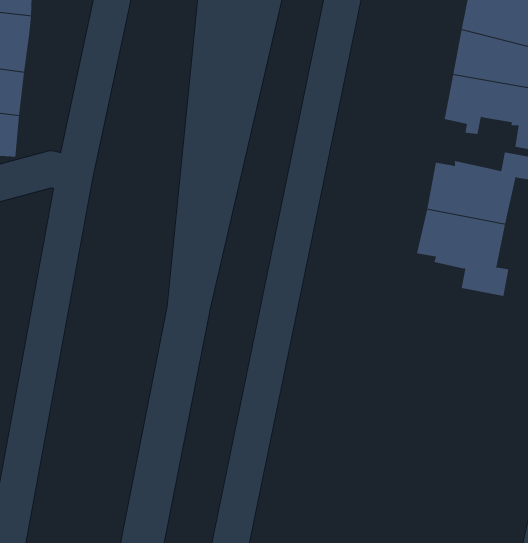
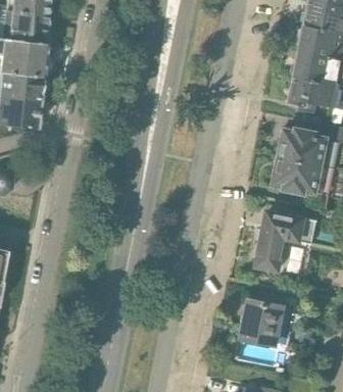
building: none -> [258,210,317,273]
building: none -> [244,297,298,345]

